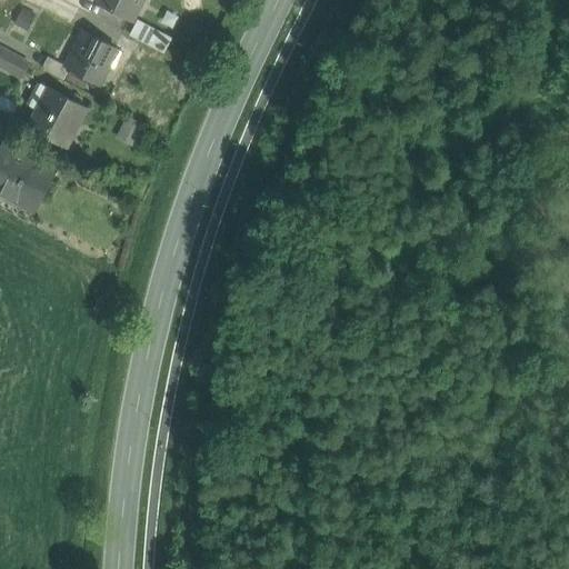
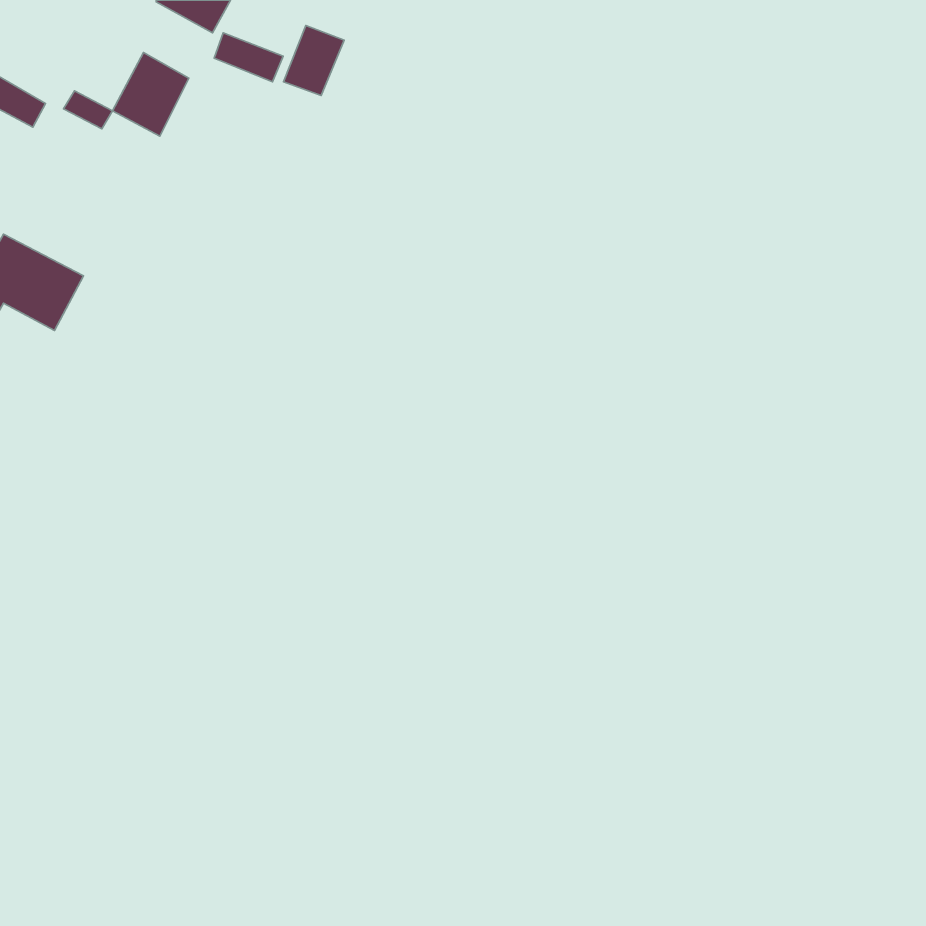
building: none -> [284,25,344,95]
building: [29,89,86,147] -> none

